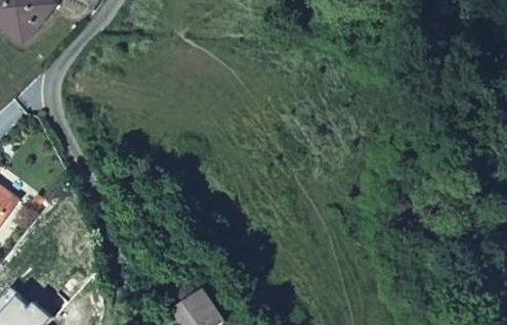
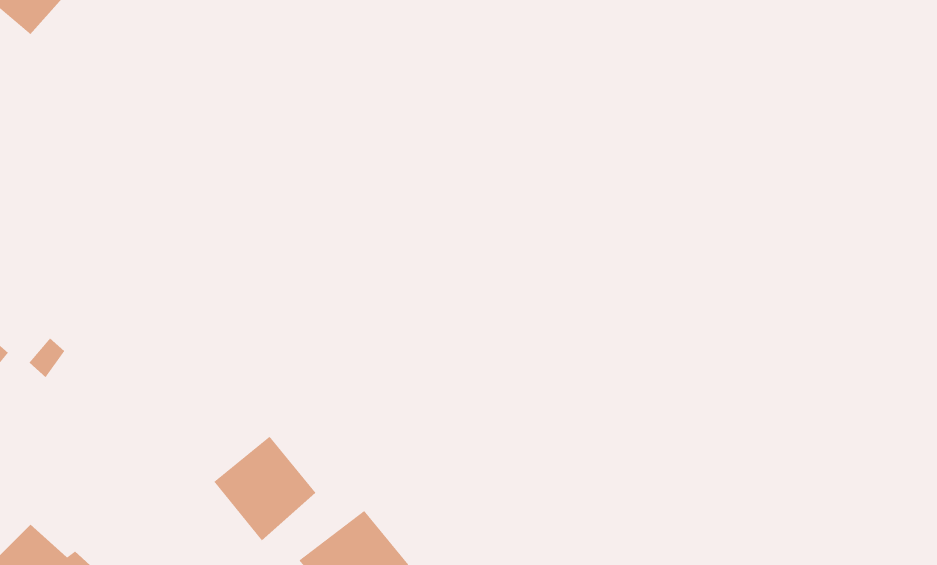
building: none -> [213,436,316,541]

